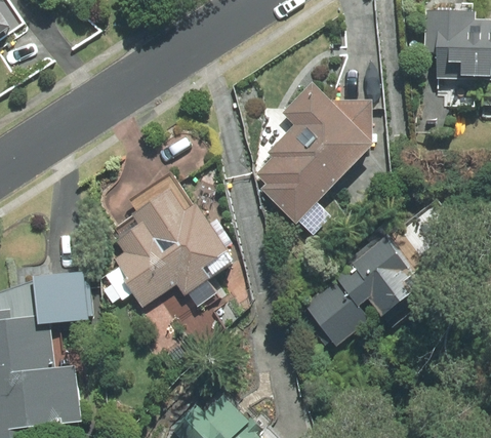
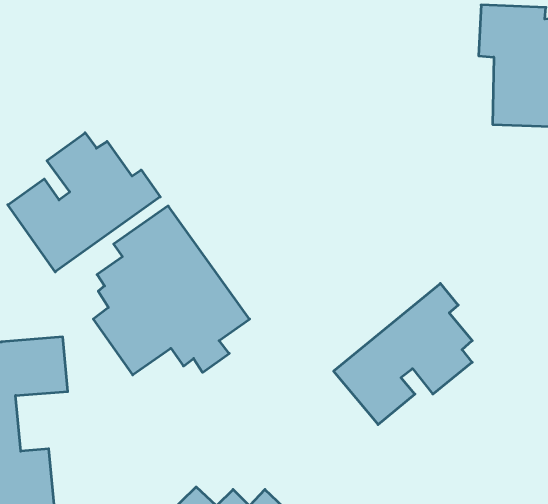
building: [254,81,377,231] -> none
building: none -> [8,133,160,272]

